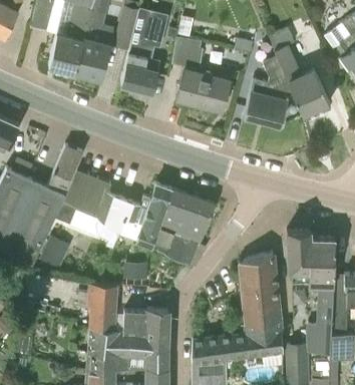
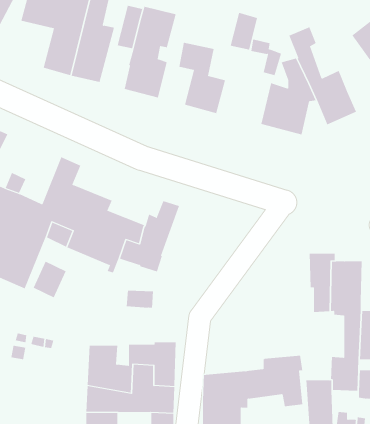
building: [205,76,230,110] -> [230,12,258,50]
building: [151,188,215,264] -> none
building: [240,254,280,325] -> none
building: [78,286,116,313] -> none

